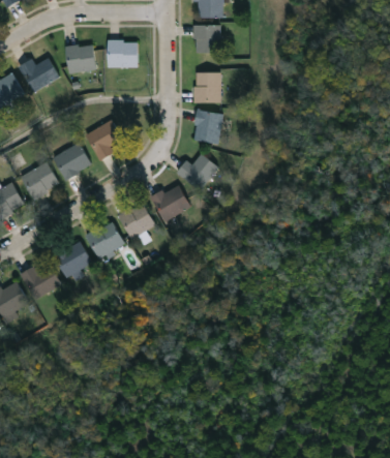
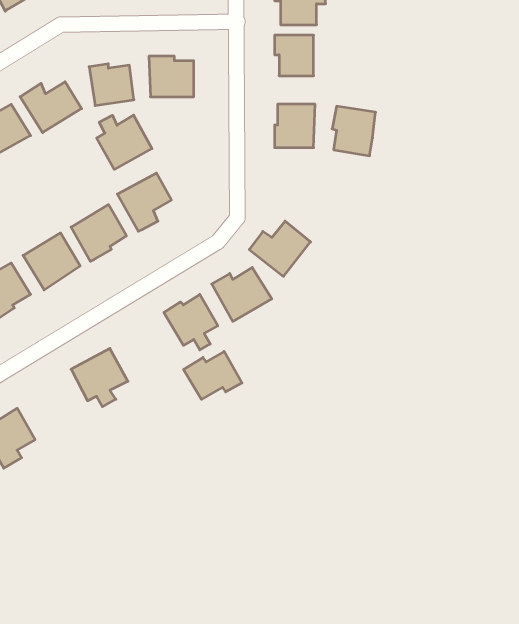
building: none -> [97,115,152,169]
building: [193,110,223,144] -> [332,106,376,156]
building: [85,222,125,255] -> [184,351,242,399]
building: [20,266,61,300] -> none

